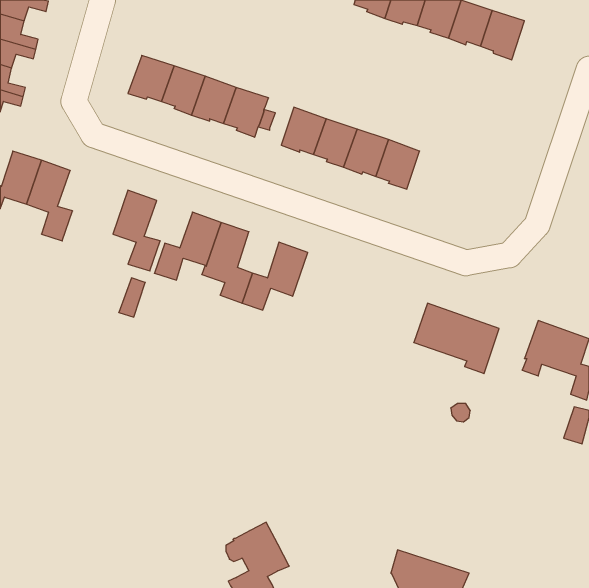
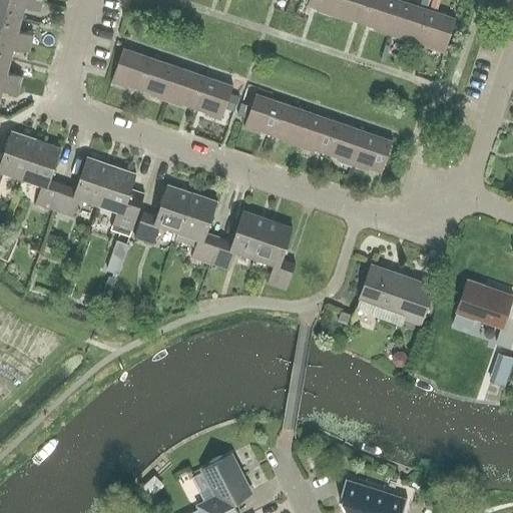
building: none -> [354,132,393,173]
building: none -> [54,158,111,216]
building: none -> [254,220,296,290]

